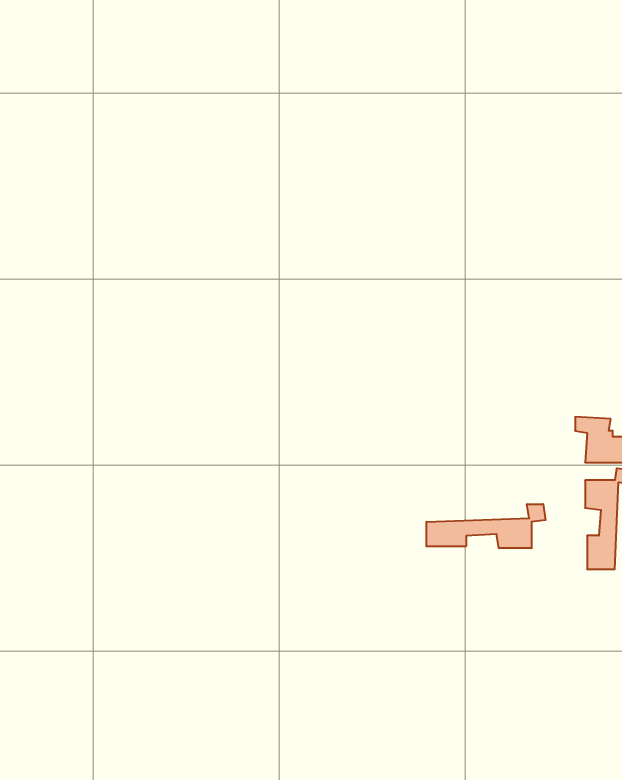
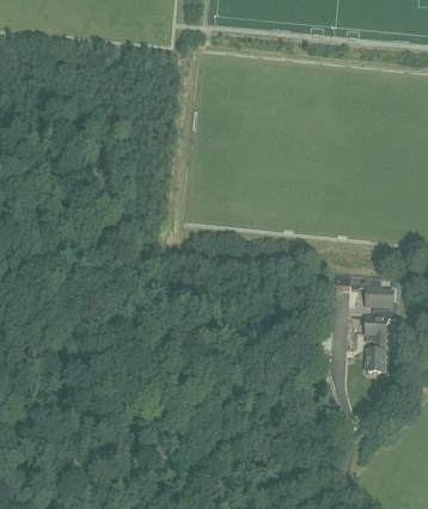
building: [426,504,546,548] -> none

